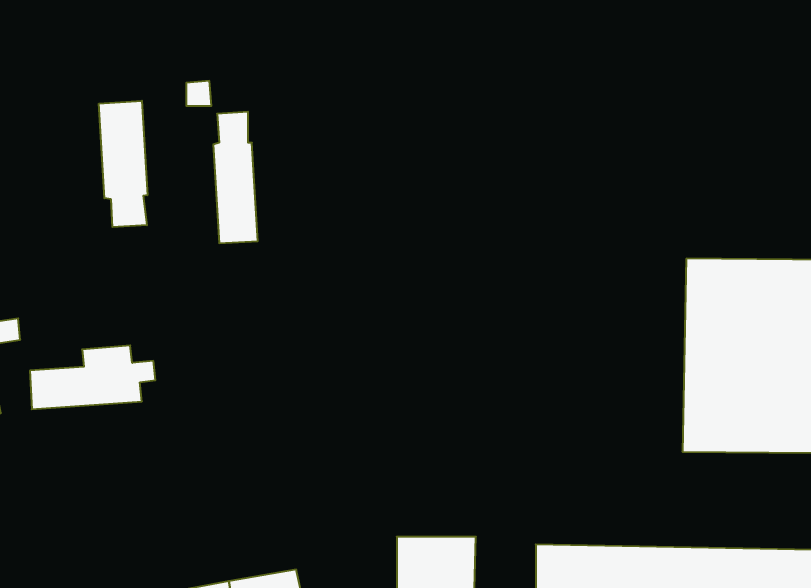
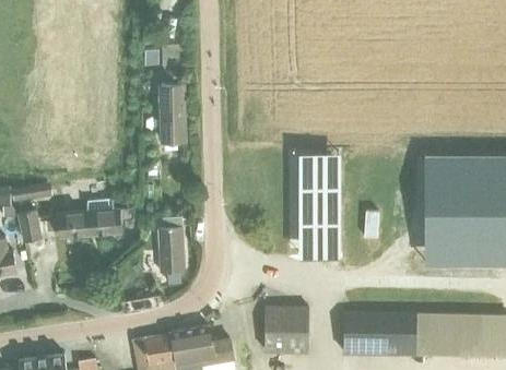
building: [99,101,147,227] -> none
building: none -> [295,156,337,260]
building: none -> [157,218,183,283]

